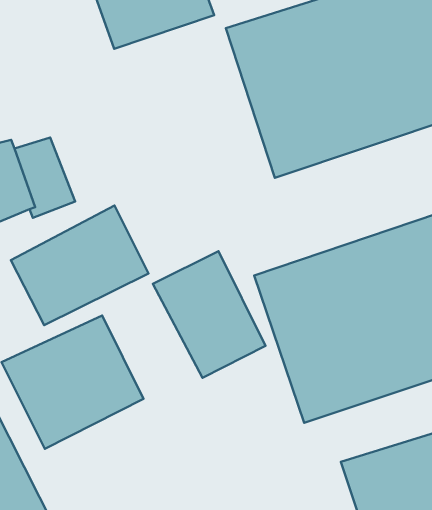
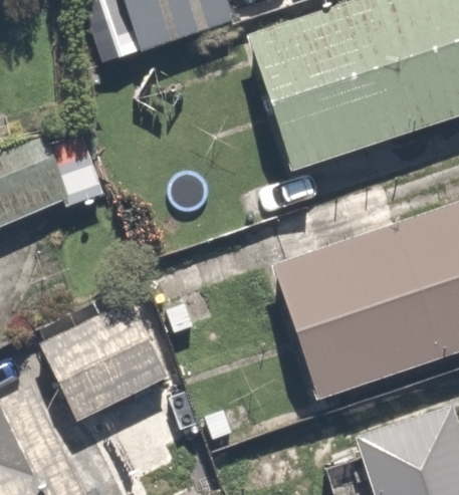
building: [11,205,148,325] -> none
building: [153,251,266,378] -> none

